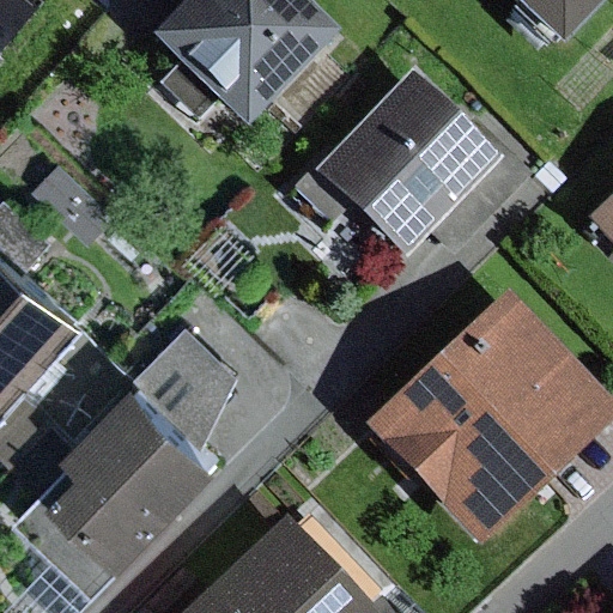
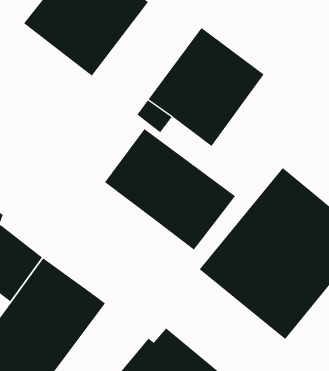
building: none -> [104,128,236,250]
building: [136,327,241,448] -> none

